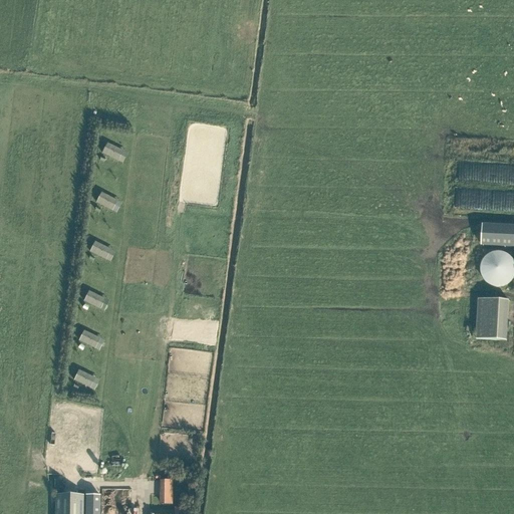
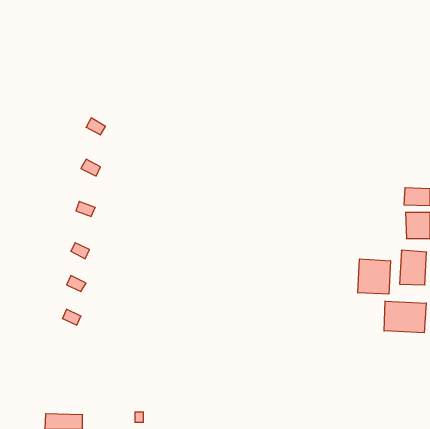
building: none -> [358,259,390,294]
building: none -> [384,301,426,333]

